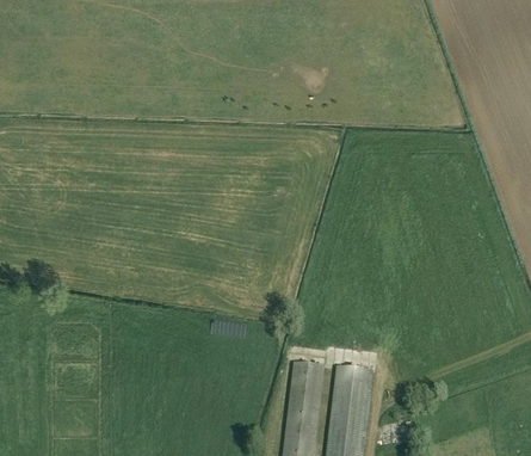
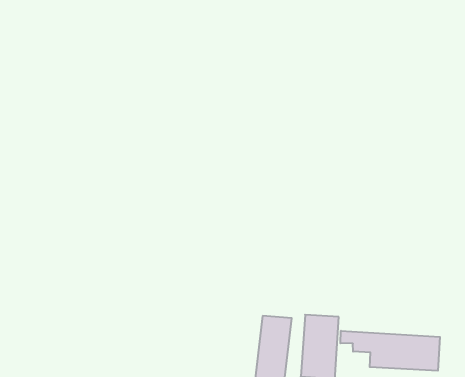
building: none -> [340,331,440,371]

